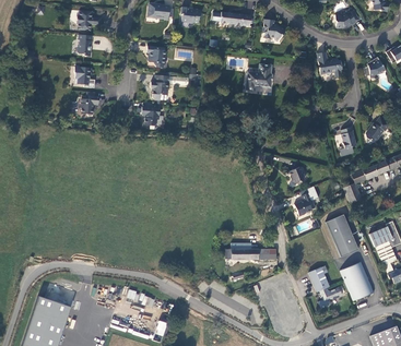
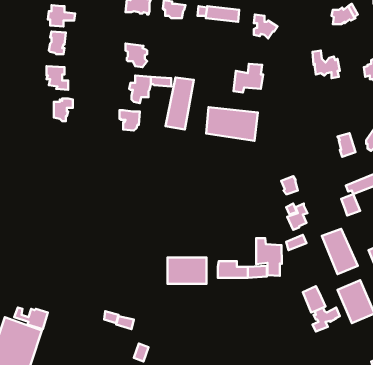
building: none -> [166,77,194,130]
building: none -> [206,107,258,141]
building: none -> [256,238,282,276]
building: none -> [167,257,207,284]

